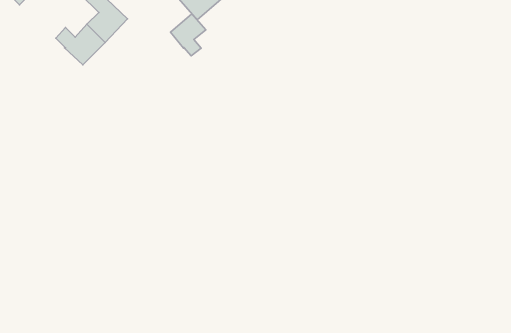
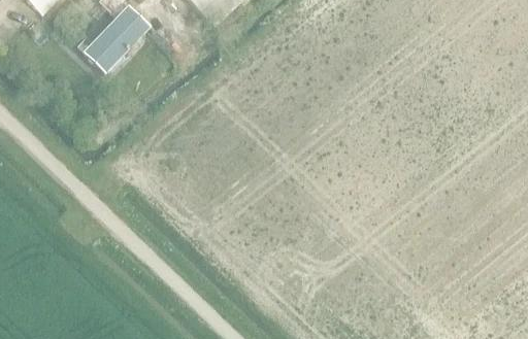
building: [170,14,206,56] -> none

